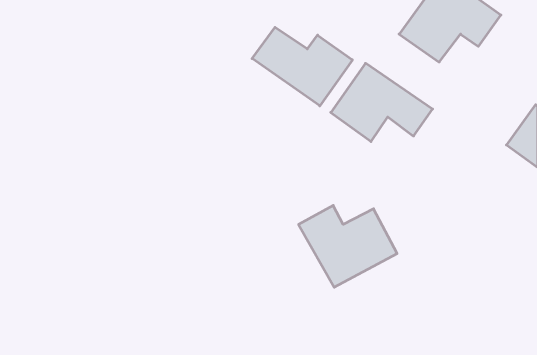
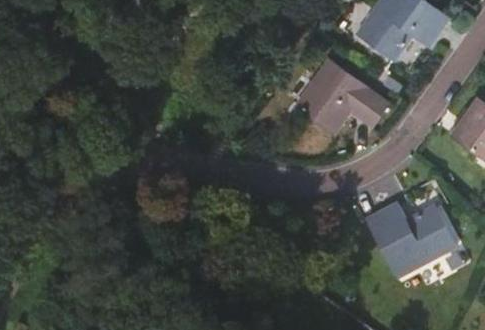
building: [252,27,352,106] -> none
building: [299,205,397,287] -> [367,202,455,275]

